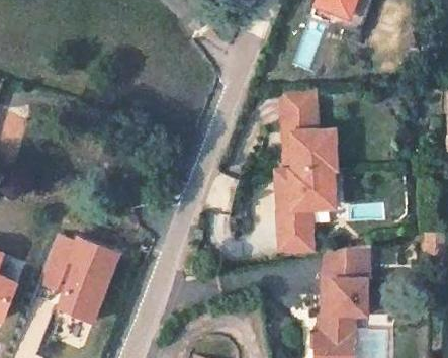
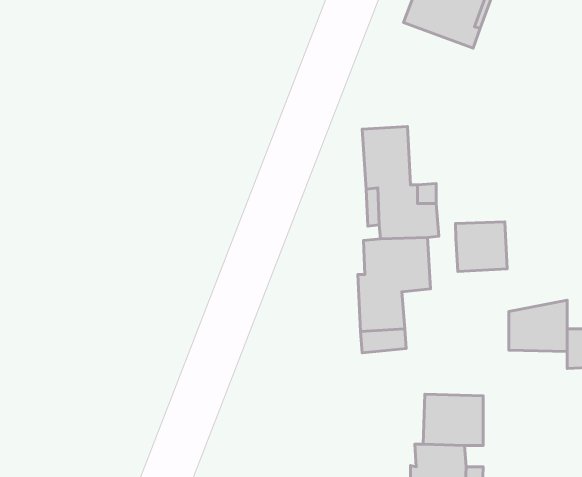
building: none -> [455,222,507,272]
building: [40,236,120,324] -> none
building: [325,245,366,281] -> [509,300,567,351]

